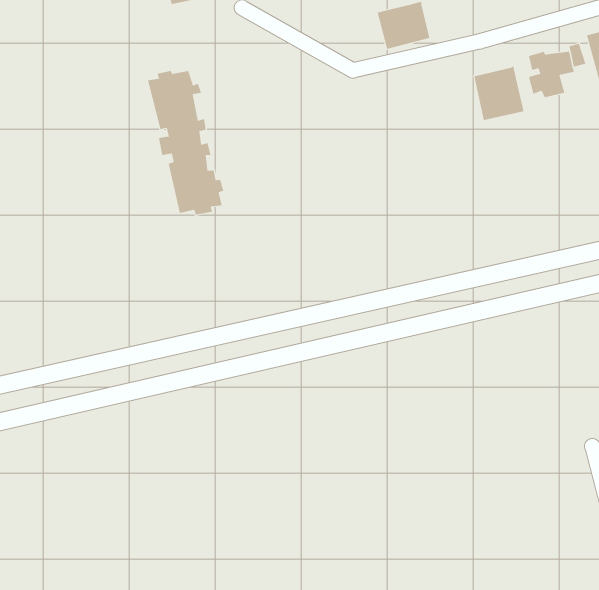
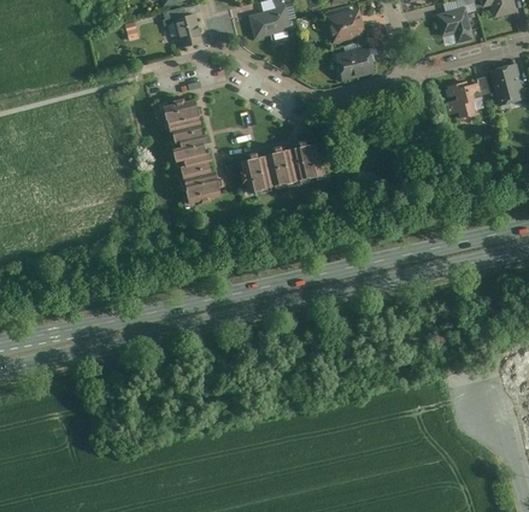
building: [474,65,524,121] -> none
building: none -> [239,142,322,192]

